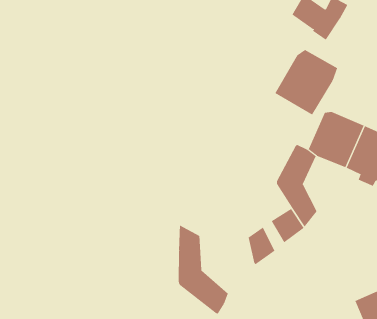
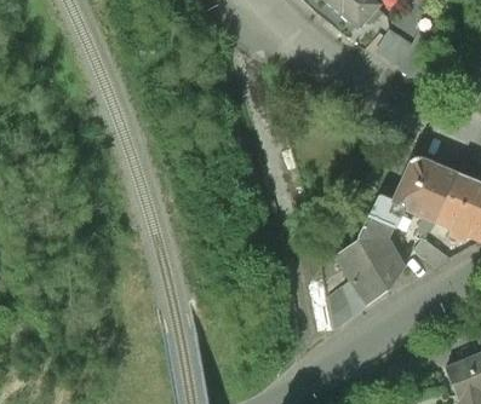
building: [274,49,338,115] -> none
building: none -> [336,239,374,281]
building: [178,225,228,314] -> none

